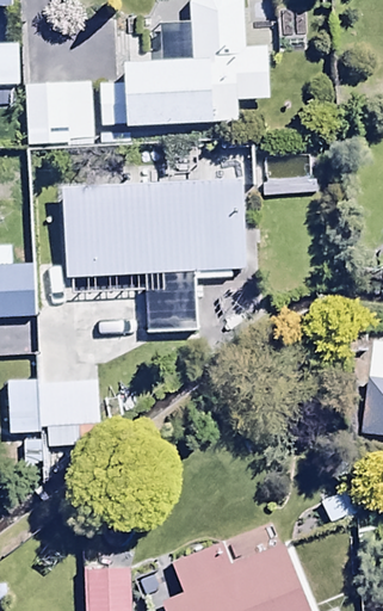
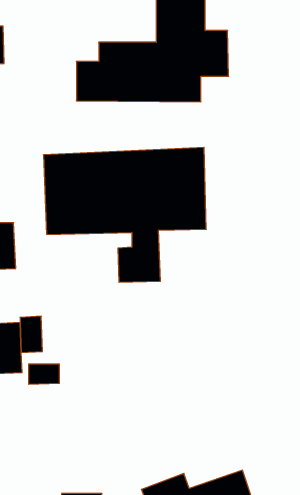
building: [26,81,93,147] -> none

